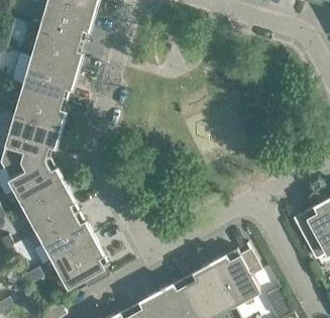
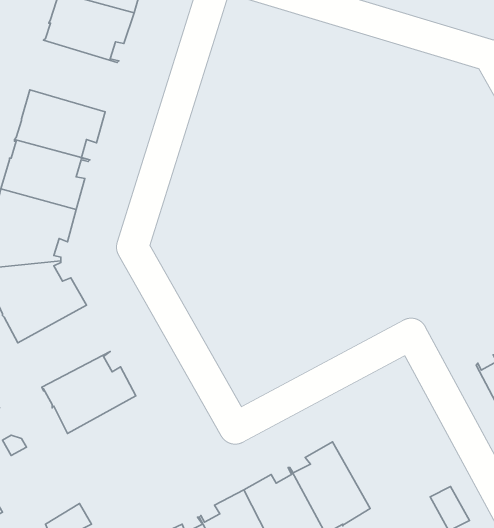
building: [30,28,82,71] -> none
building: [23,185,78,233] -> none
building: [52,238,107,288] -> none
building: [209,245,262,305] -> none

